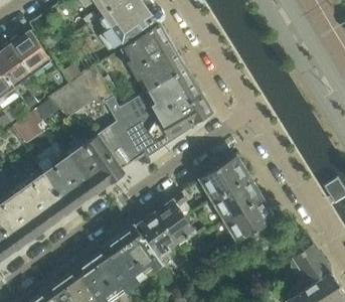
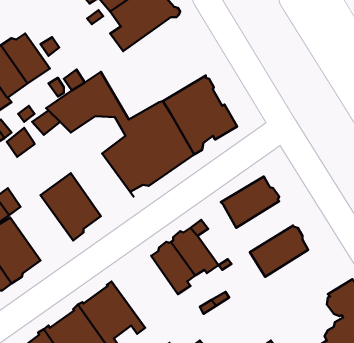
building: [123,23,185,91] -> none
building: [68,136,123,190] -> none
building: [16,172,70,229] -> none
building: [211,177,261,221] -> none
building: [104,225,162,287] -> none

